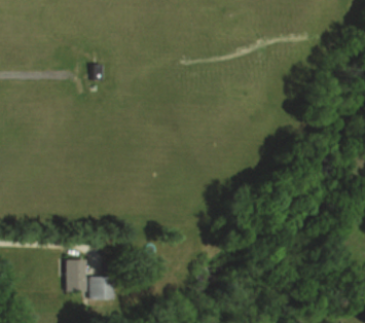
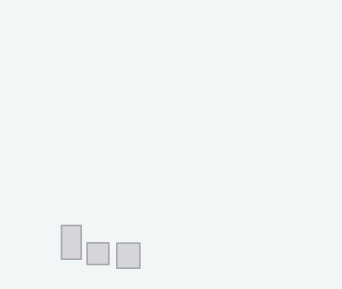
building: none -> [117,243,140,268]

